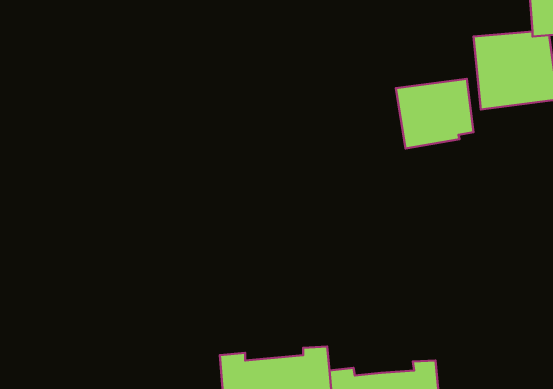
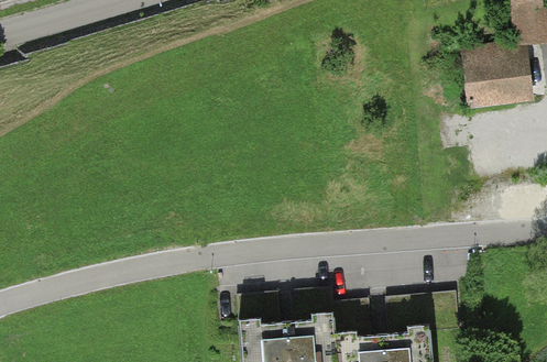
building: [396,79,473,148] -> none

